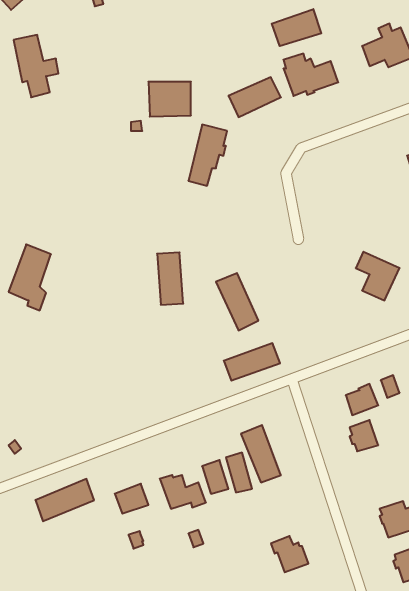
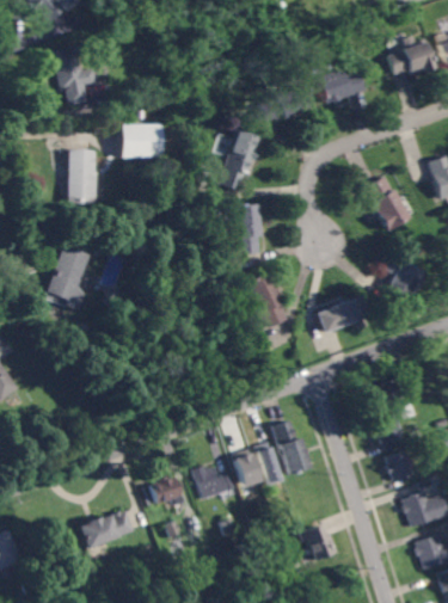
building: [272,9,321,46] -> none
building: [148,82,191,117] -> [121,123,161,156]
building: none -> [69,150,97,202]
building: none -> [363,176,410,230]
building: [157,252,183,305] -> [235,204,260,254]
building: [224,343,280,381] -> [318,296,372,332]
building: none -> [387,451,415,481]
building: [35,479,94,521] -> [78,510,134,550]

